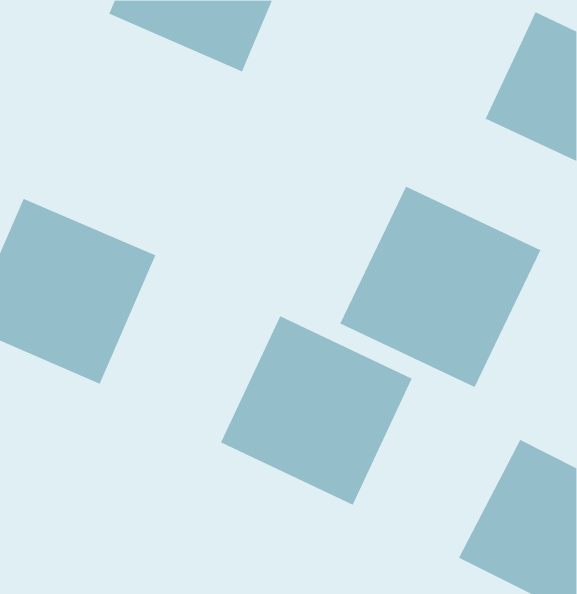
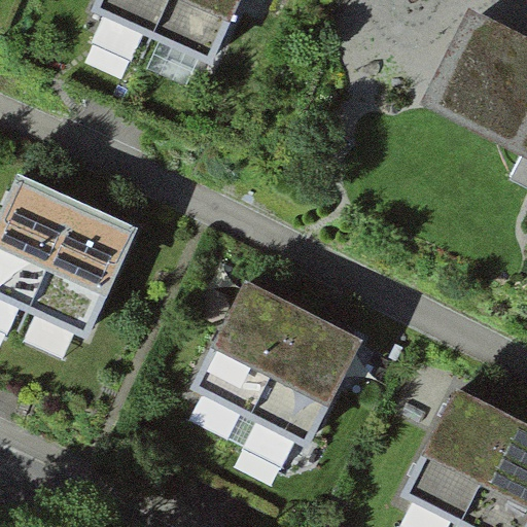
building: [340,186,541,388] -> none

